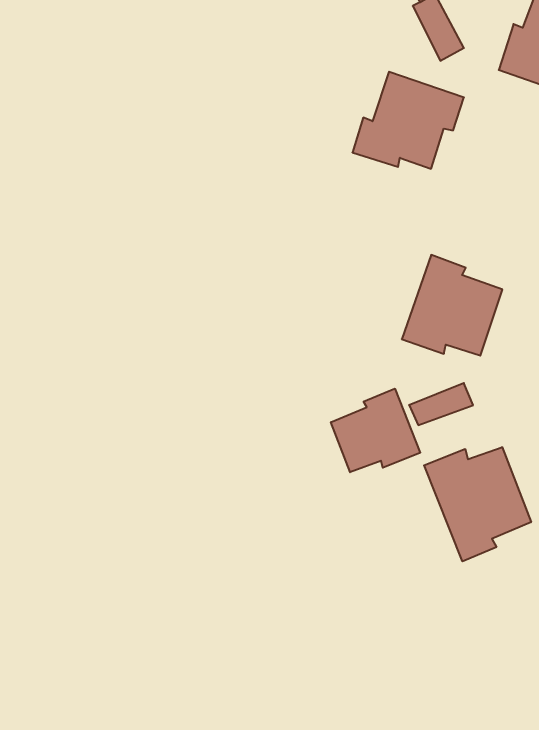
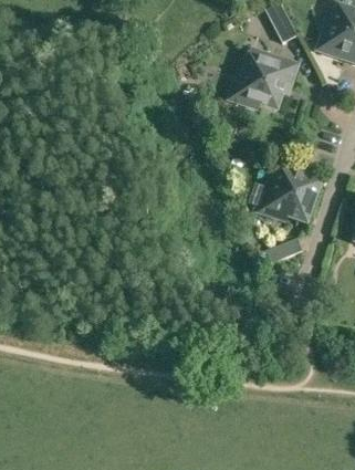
building: [331,389,420,472] -> none
building: [424,447,531,561] -> none

